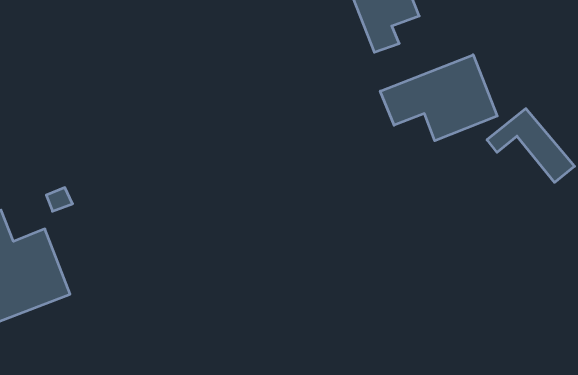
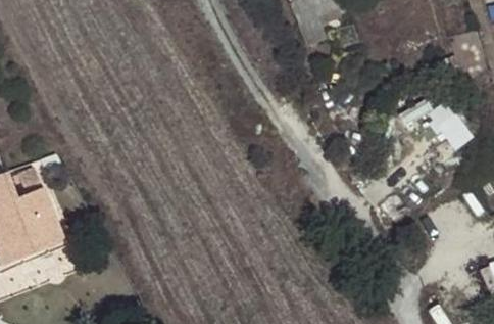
building: [380,55,497,141] -> none

